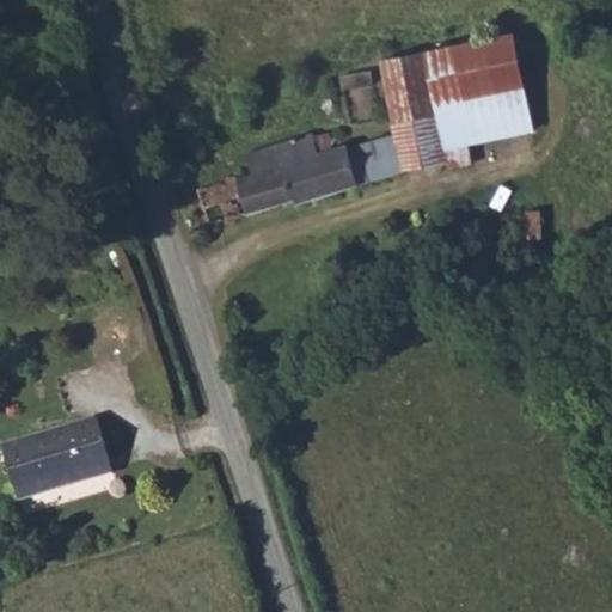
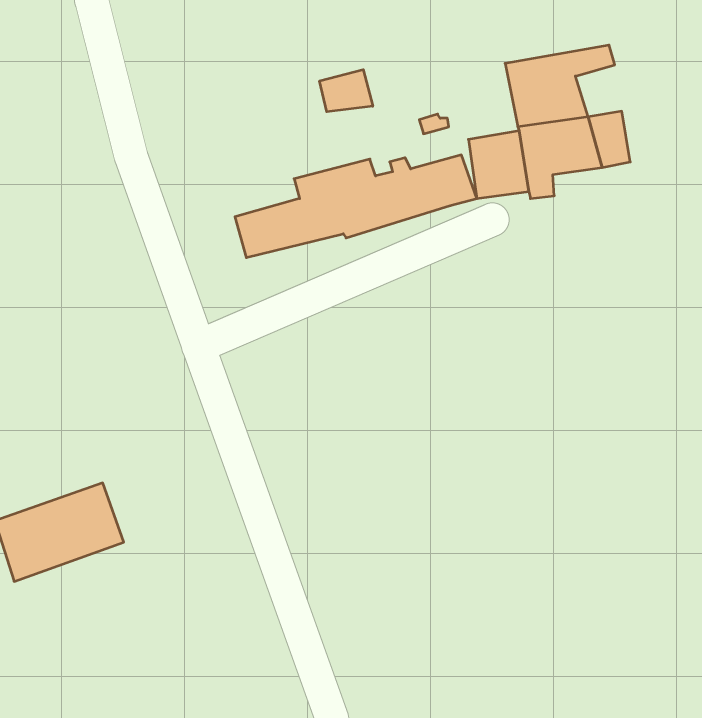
building: [388,55,441,120] -> none
building: [489,56,528,100] -> none
building: none -> [320,70,373,112]

